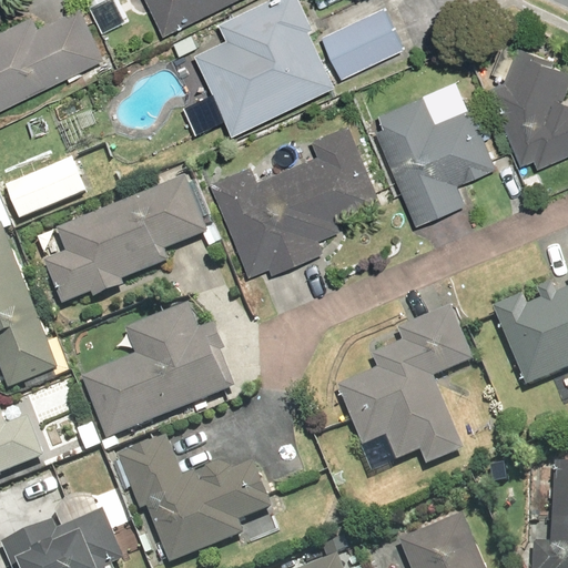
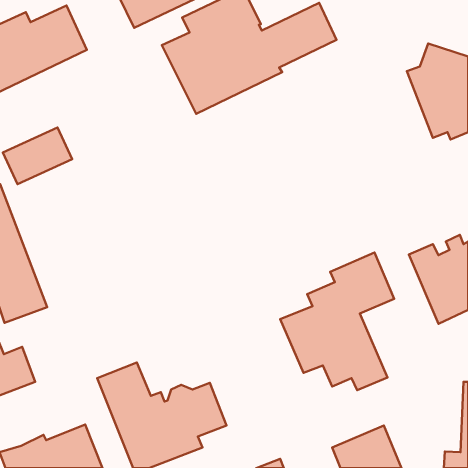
building: [375,92,496,223] -> none
building: [209,121,383,276] -> none
building: [42,176,206,305] -> none
building: [78,303,237,439] -> none

